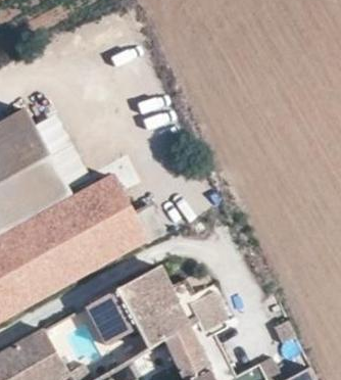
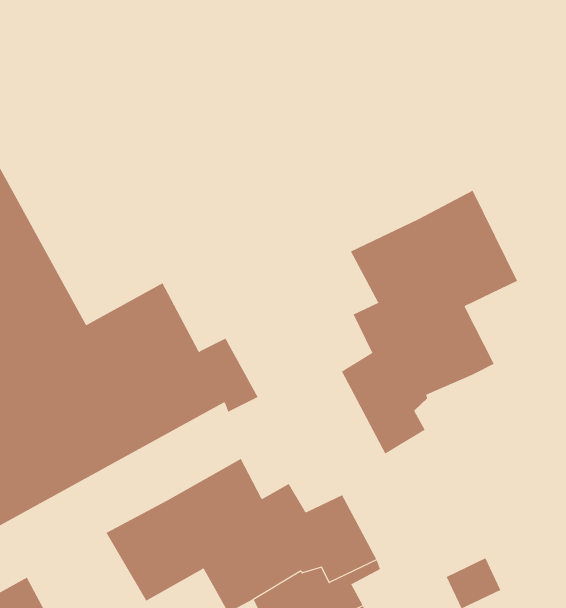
building: none -> [341,190,518,454]

